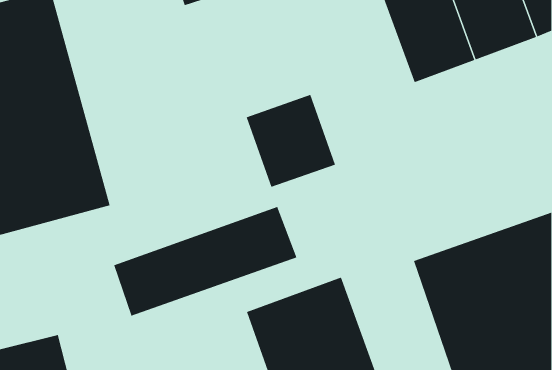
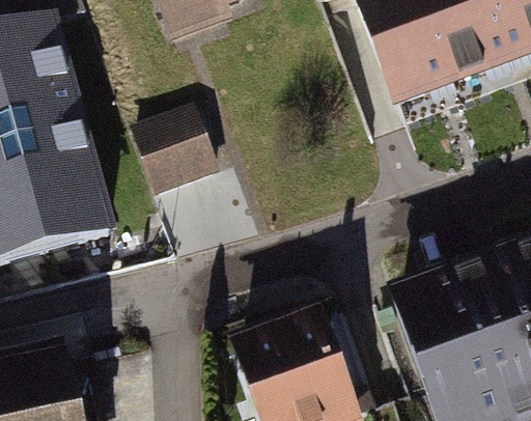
building: [246,94,336,188] -> [132,105,218,194]
building: [113,206,297,317] -> none

